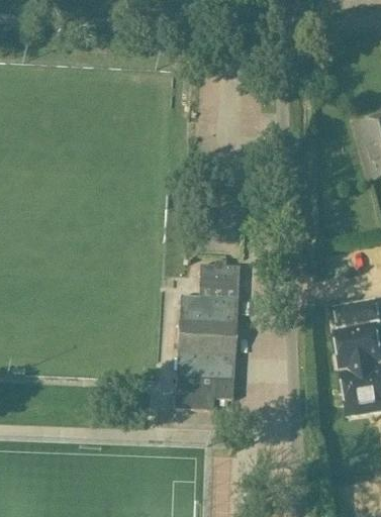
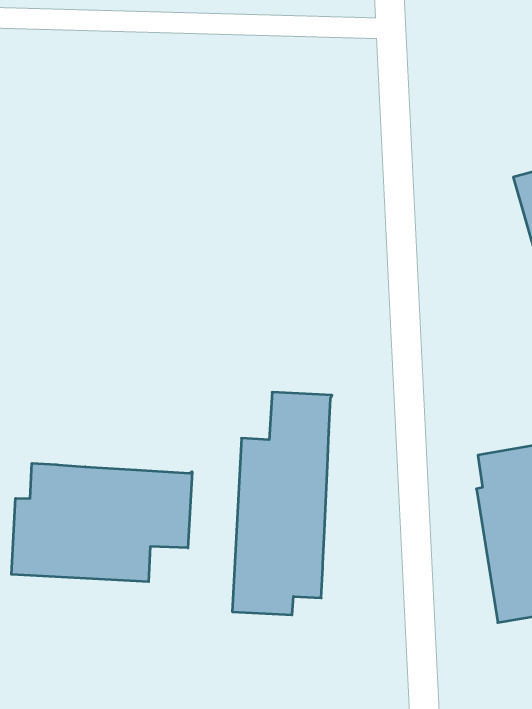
building: none -> [11,463,192,582]

